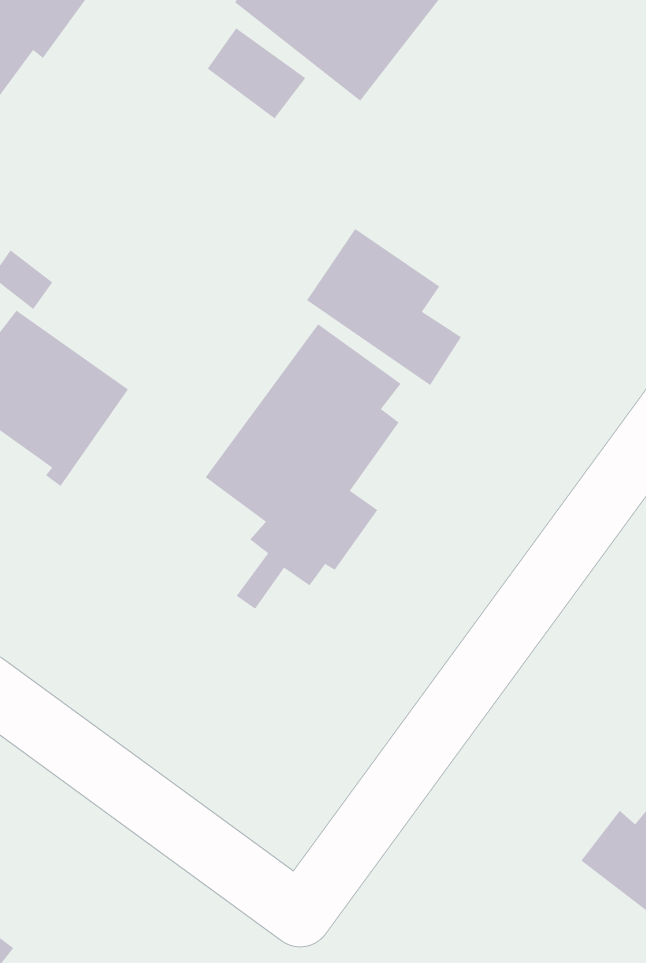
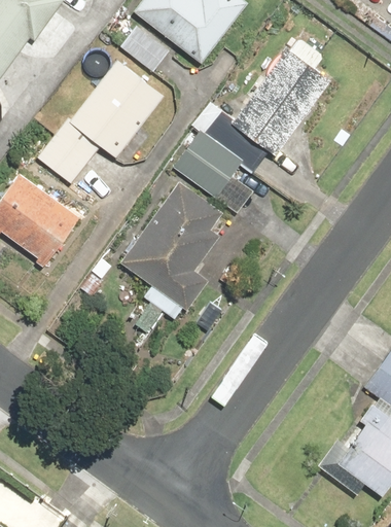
building: none -> [227,37,330,155]
building: none -> [37,58,167,184]

